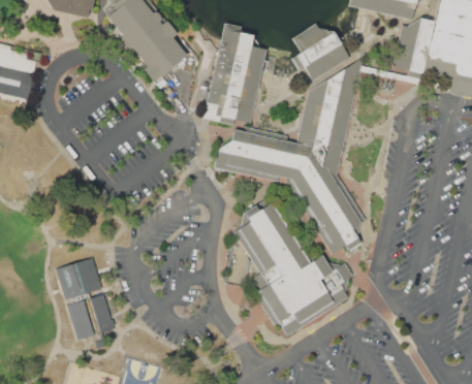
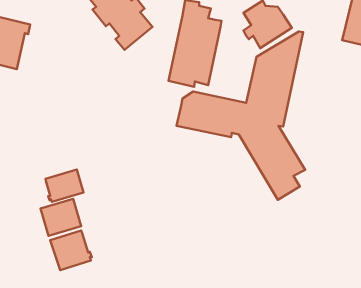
building: [234,202,353,338] -> none
building: none -> [45,170,83,202]

